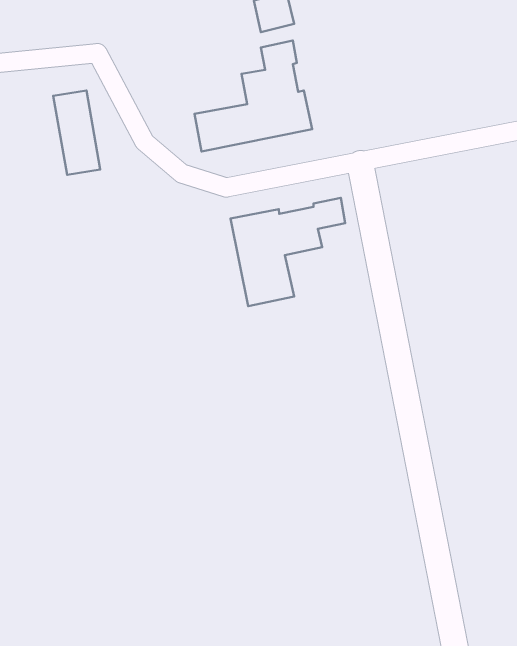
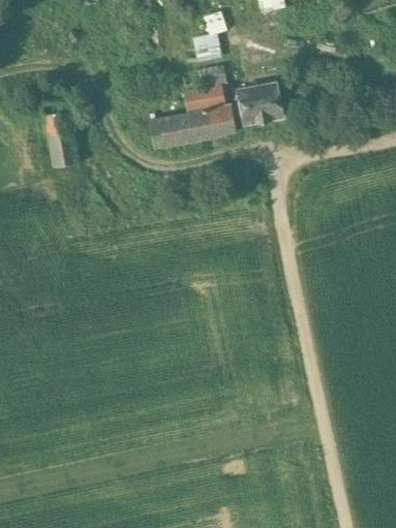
building: none -> [235,81,283,127]
building: [231,198,345,306] -> none

